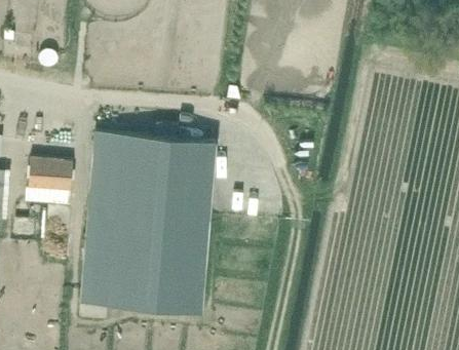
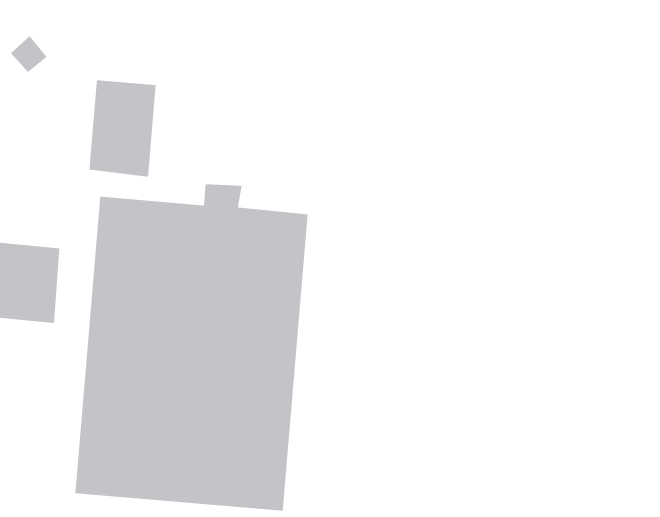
building: none -> [89,80,156,178]

